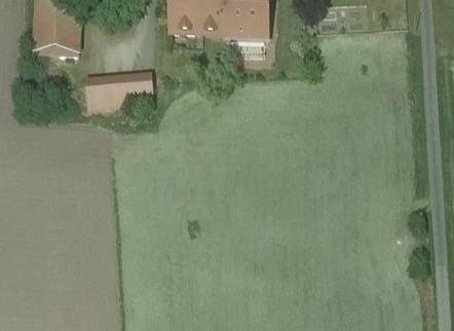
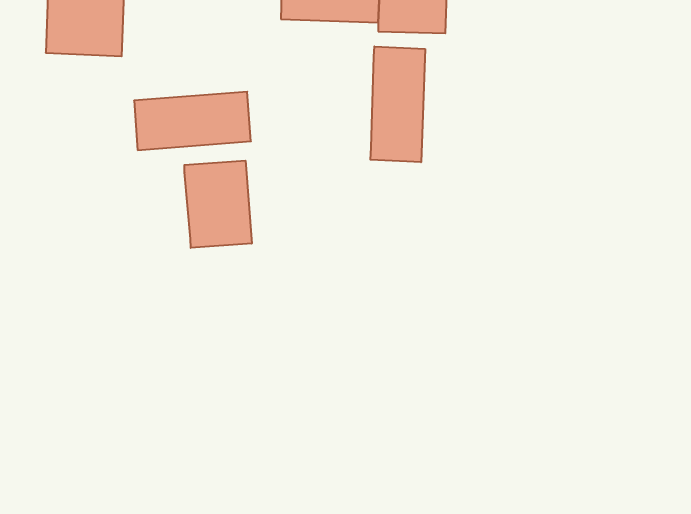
building: none -> [370,46,425,162]
building: none -> [184,161,252,248]

